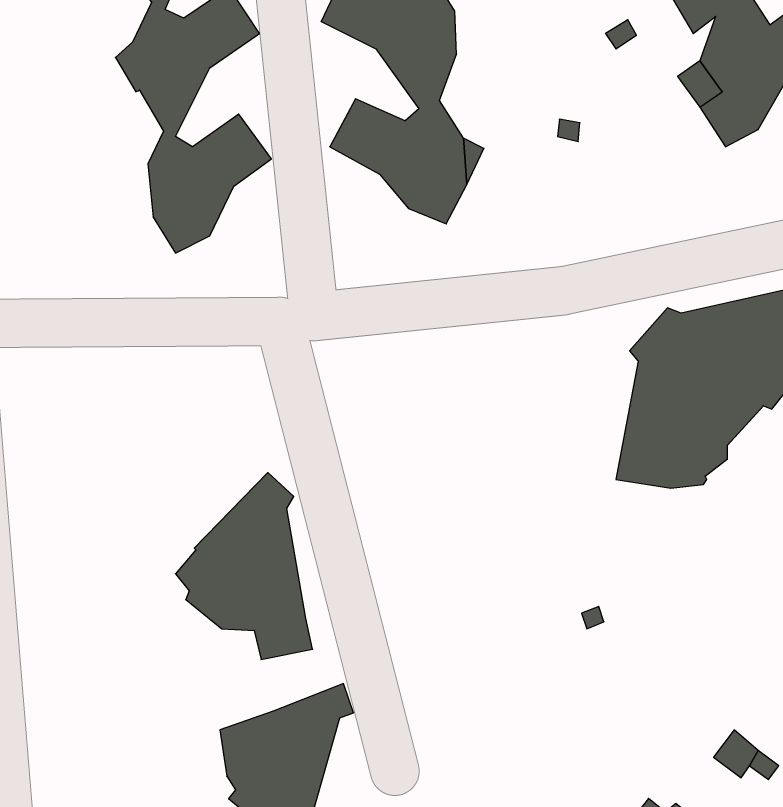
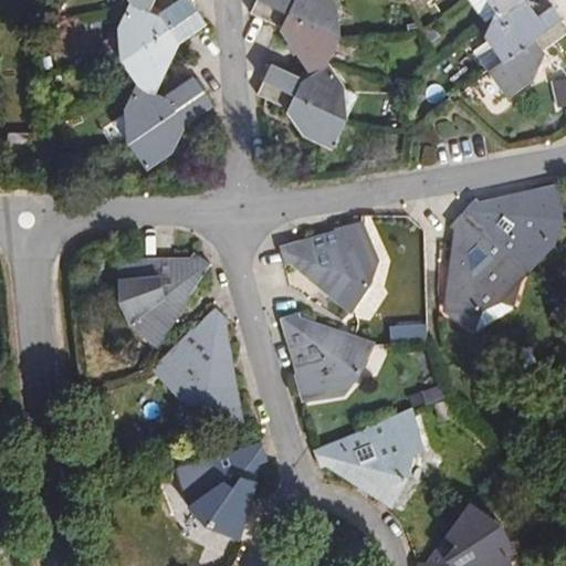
building: none -> [276,222,378,316]
building: none -> [116,250,212,345]
building: none -> [279,310,374,398]
building: none -> [310,413,421,514]

